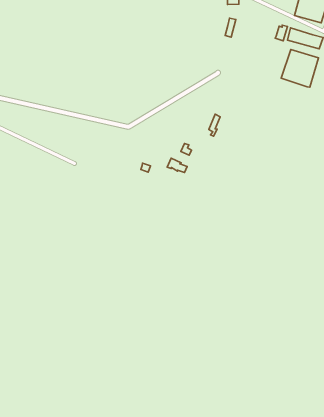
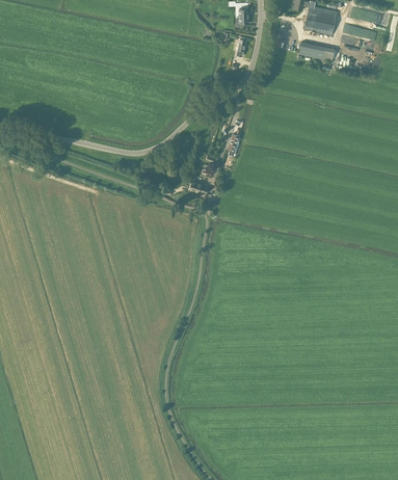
building: [281,50,319,87] -> none

